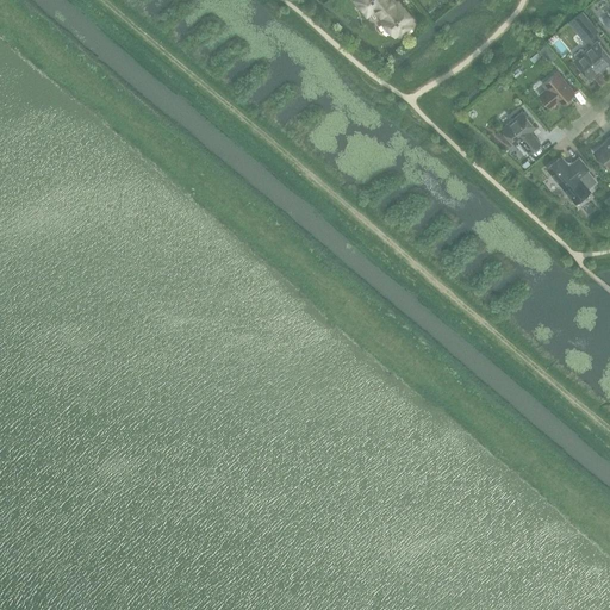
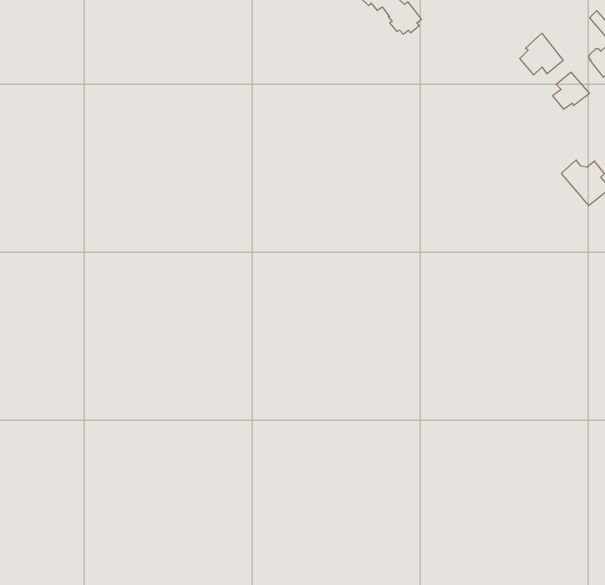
building: none -> [520,33,563,75]
building: [502,111,540,151] -> none

